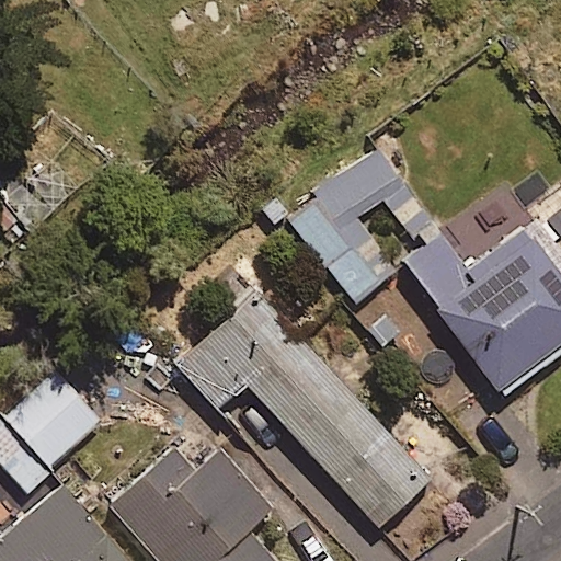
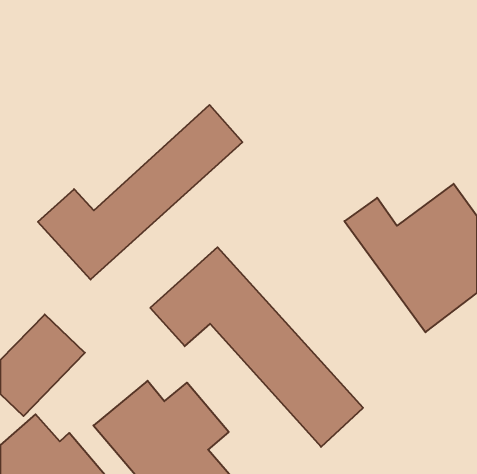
building: none -> [38,105,242,280]
building: [285,146,400,302] -> none

